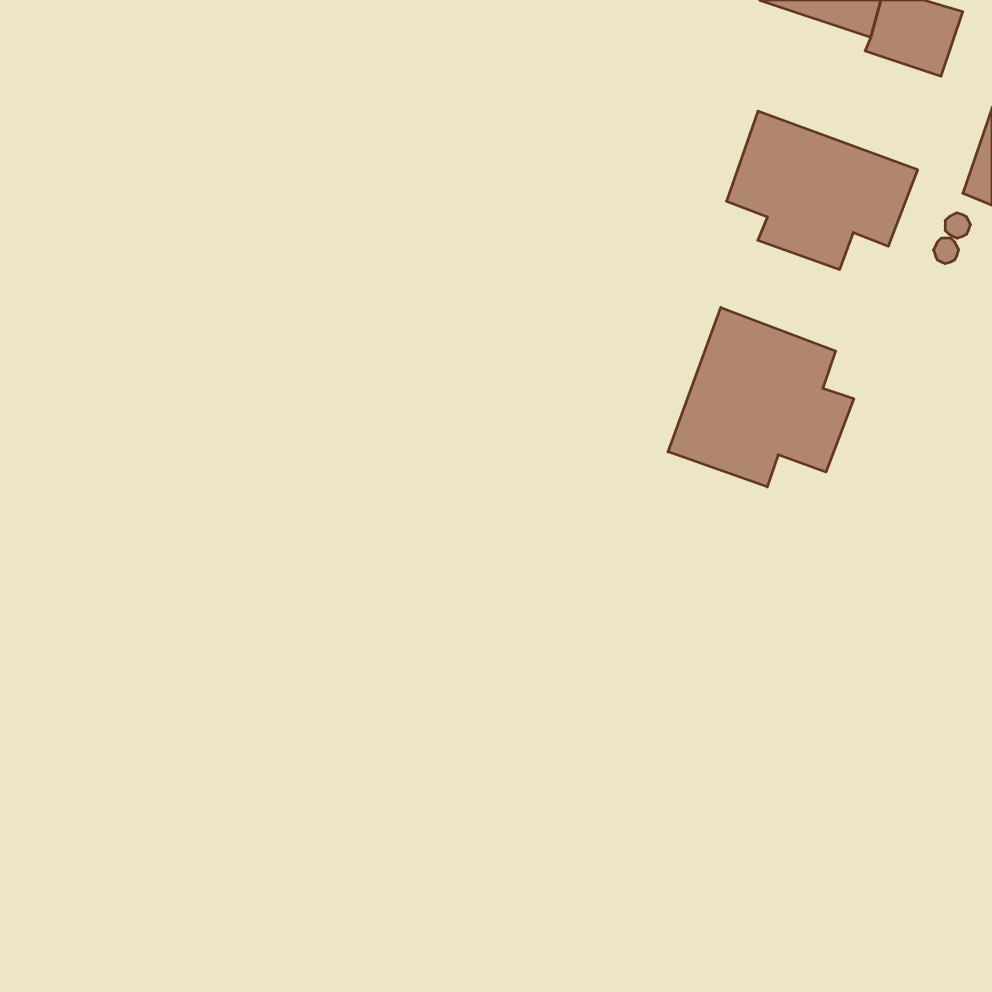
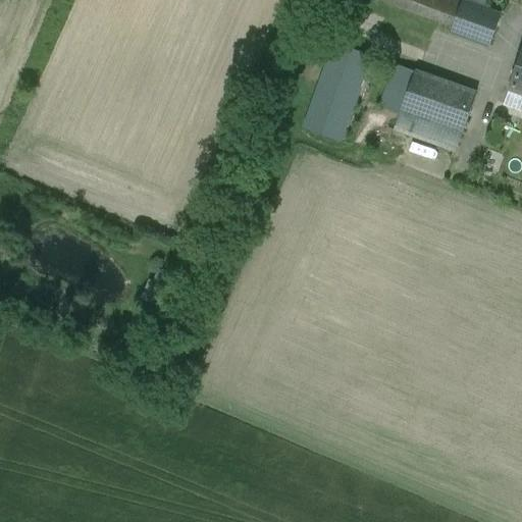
building: none -> [306,44,369,137]
building: [668,307,854,487] -> none

